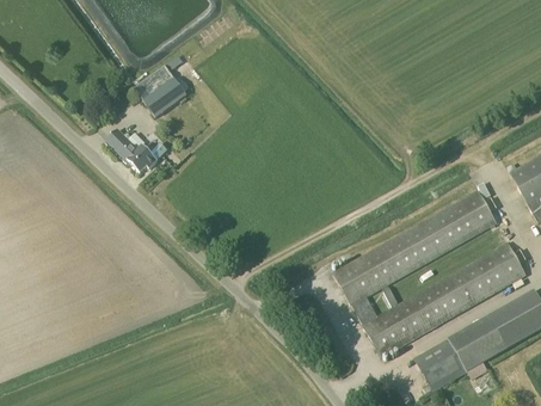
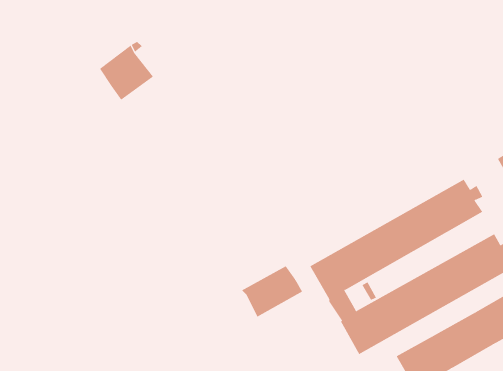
building: [105,129,158,172] -> none
building: none -> [241,265,303,318]

